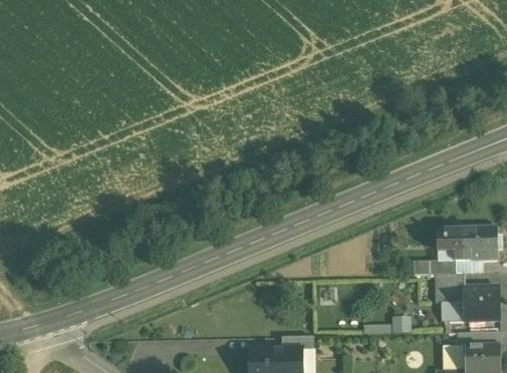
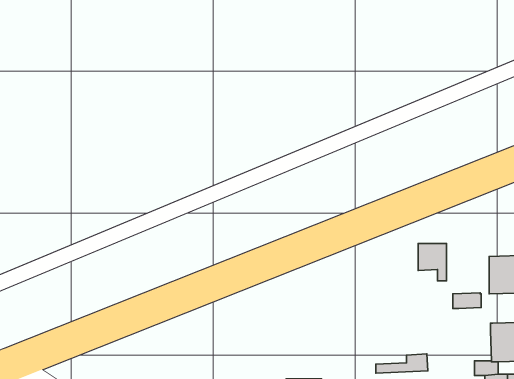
building: [436,228,461,261] -> [418,243,446,281]
building: [434,273,464,294] -> none

